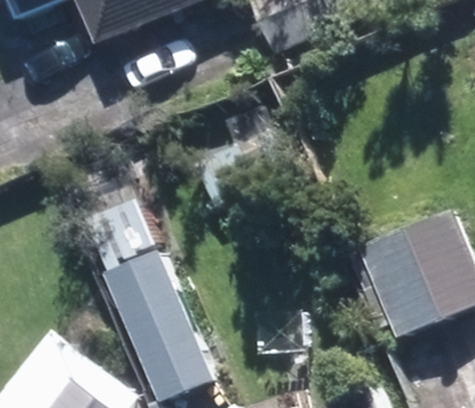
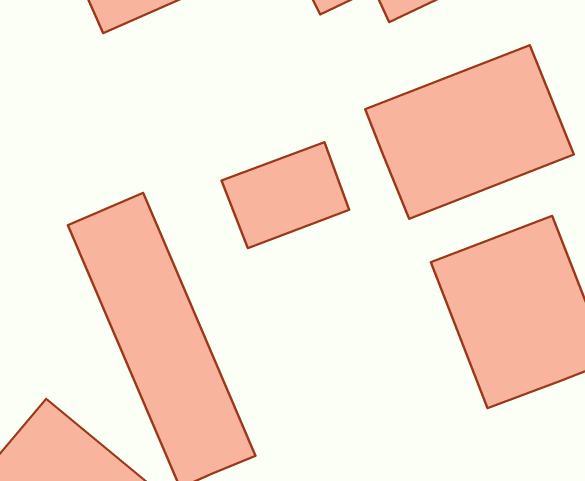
building: none -> [365,45,574,219]

